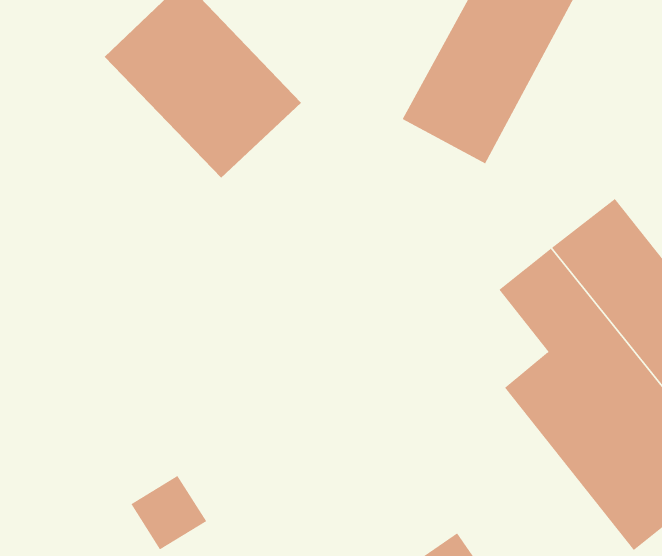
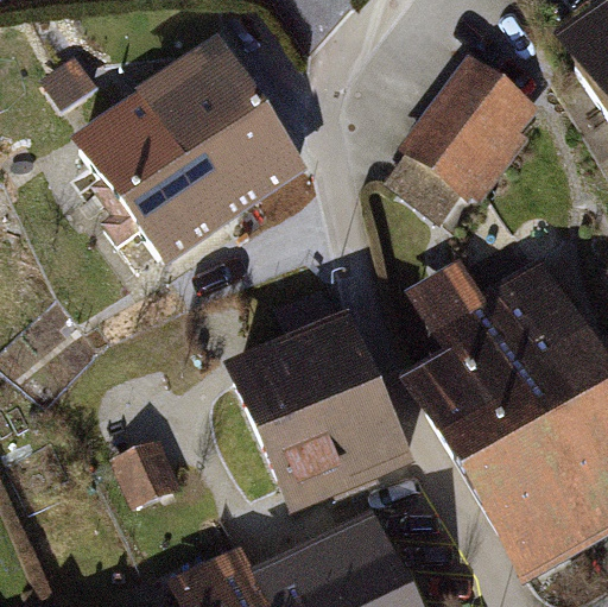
building: none -> [81,95,228,255]
building: none -> [232,322,412,508]

